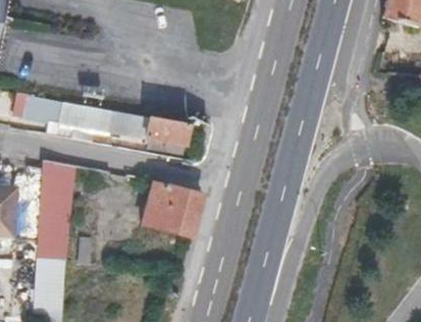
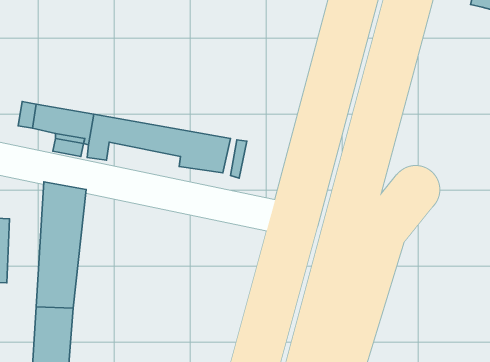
building: [141,180,200,236] -> none

